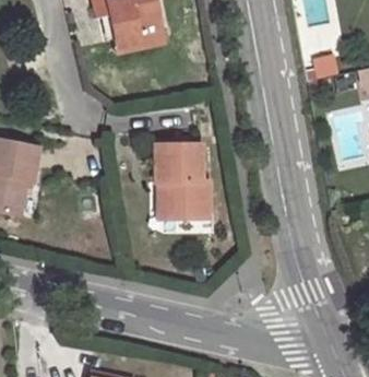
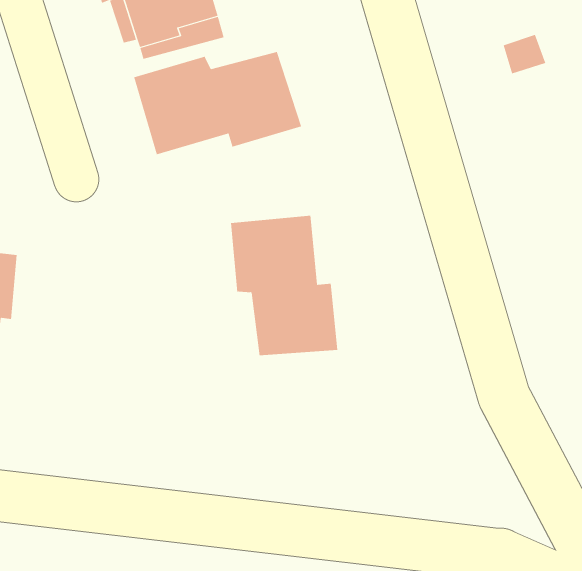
building: none -> [133,51,302,155]

